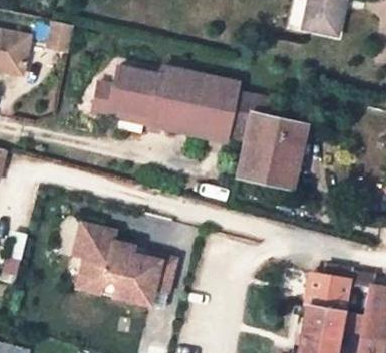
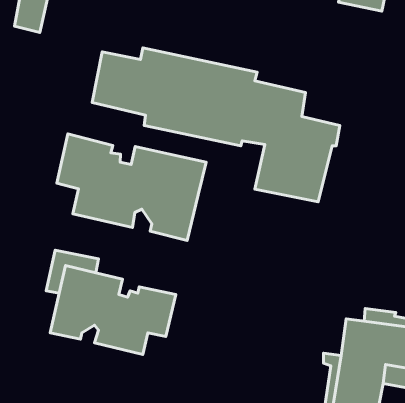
building: none -> [57,134,206,241]

